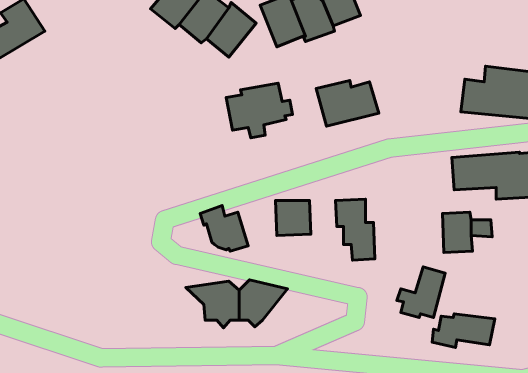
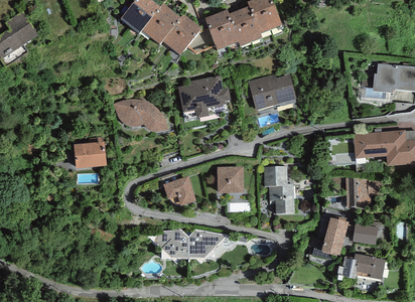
building: none -> [113,97,168,132]
building: none -> [74,142,106,168]
building: none -> [353,219,382,245]

